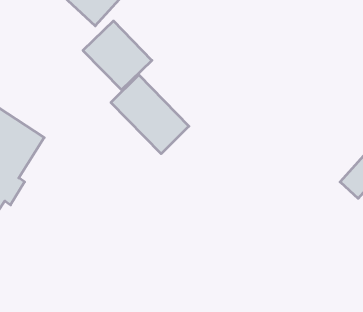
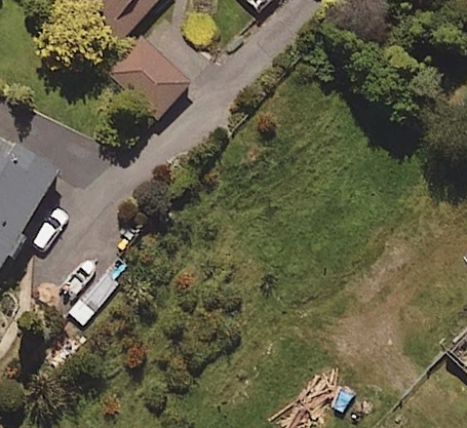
building: [111,75,189,154] -> none

